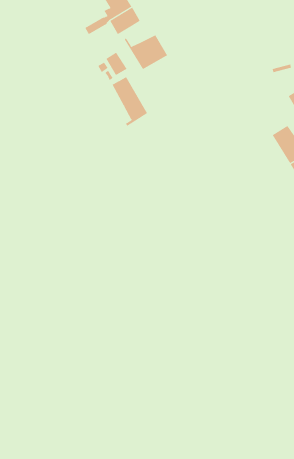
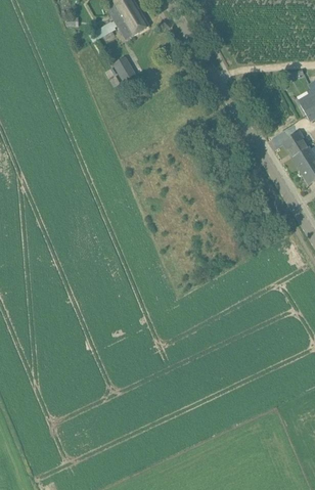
building: [124,34,168,70] -> none
building: [112,76,148,127] -> none

